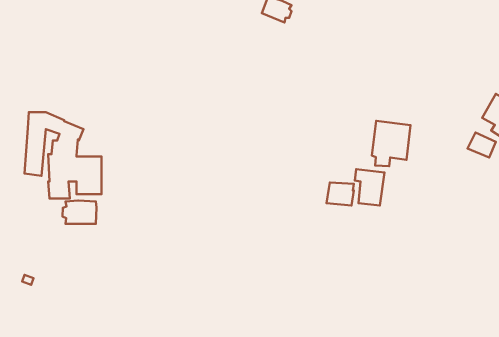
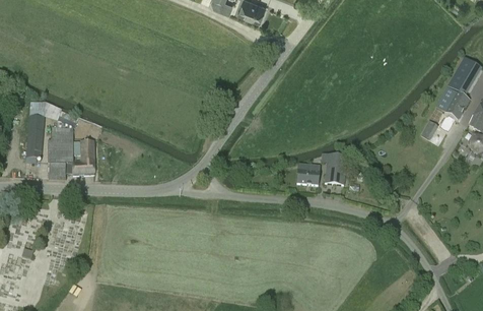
building: [372,121,411,166] -> none
building: [62,200,97,224] -> none

